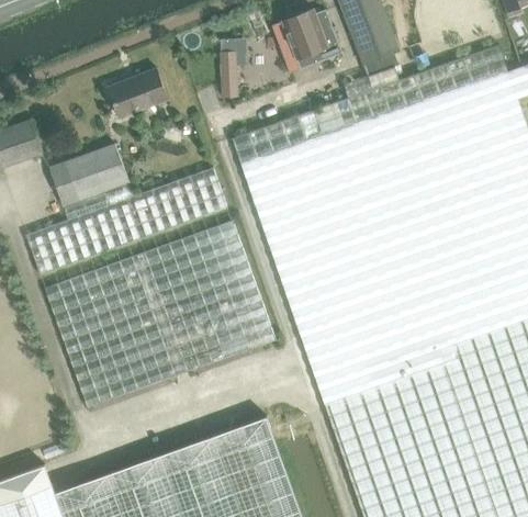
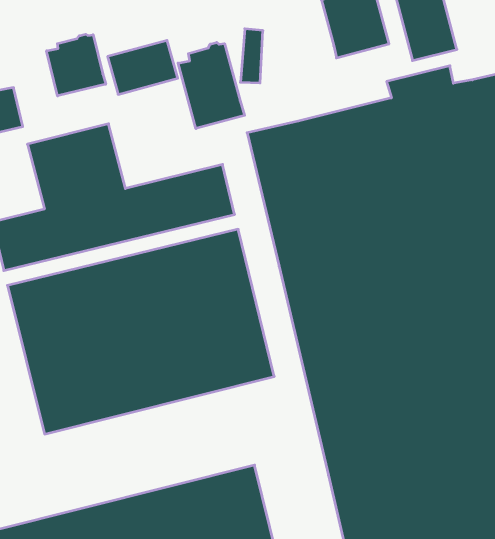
building: none -> [178,42,245,129]
building: none -> [47,34,106,96]

